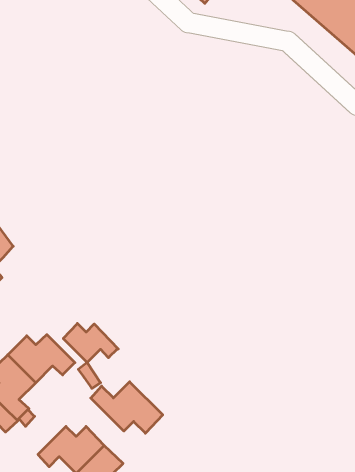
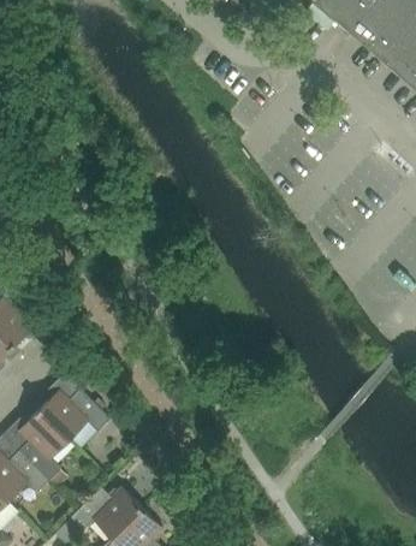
building: [63,323,118,363] -> none
building: [91,382,163,433] -> none

